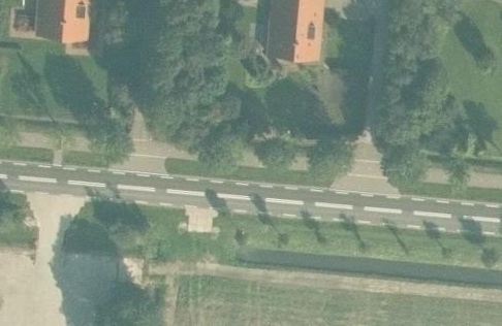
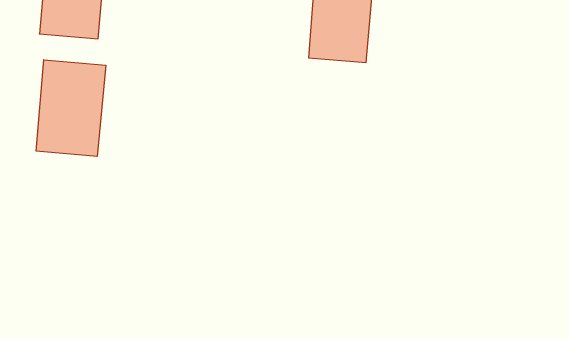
building: none -> [36,60,106,156]

